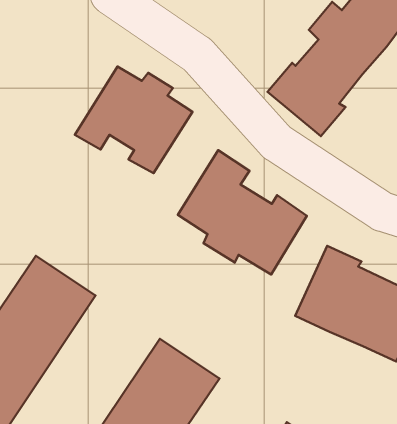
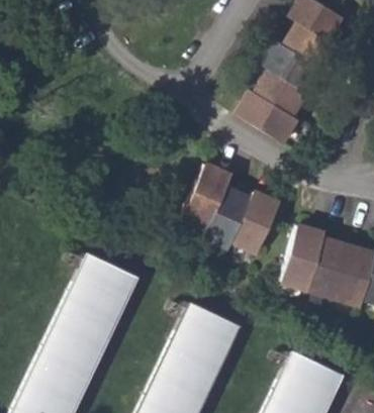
building: [75,66,193,173] -> none

